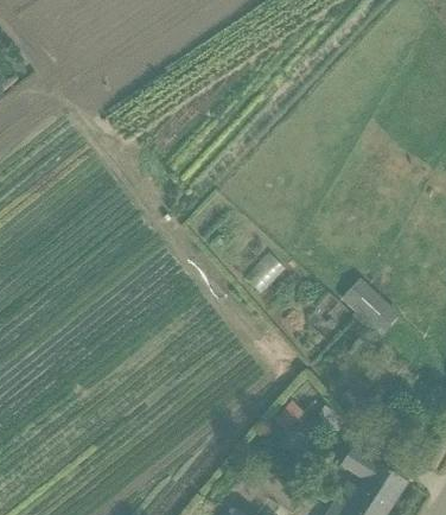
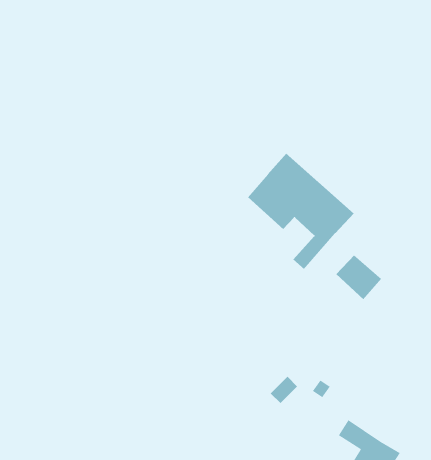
building: none -> [247,153,355,270]

